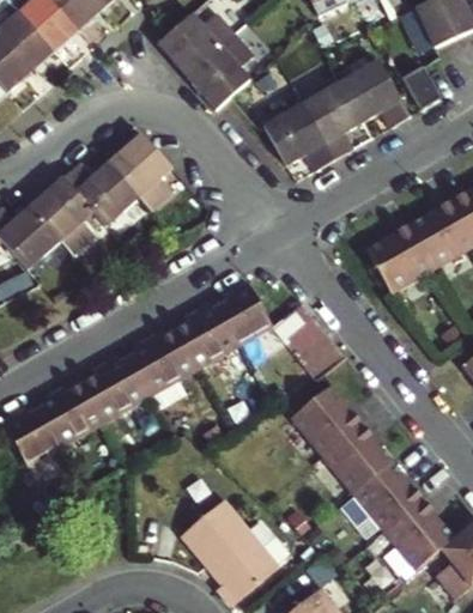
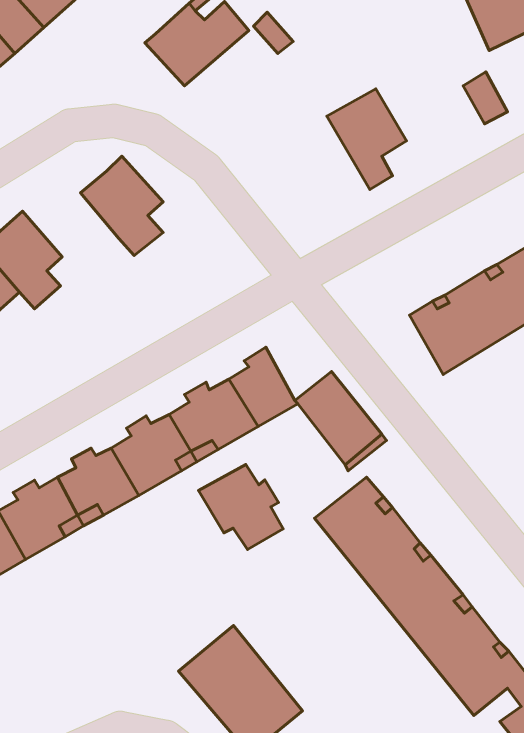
building: [187,34,255,109] -> none
building: [336,55,410,125] -> none
building: [260,101,332,169] -> none
building: [60,159,135,224] -> none
building: none -> [199,464,283,550]

